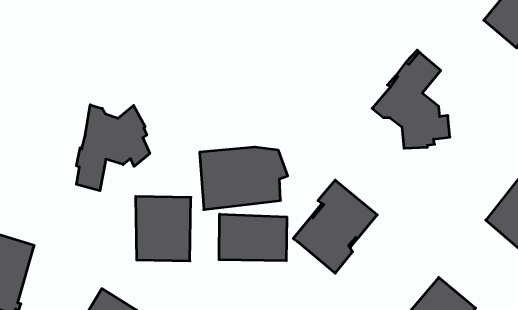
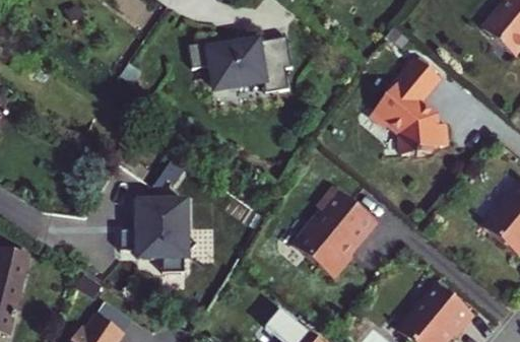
building: [76,105,150,191] -> none
building: [200,147,288,210] -> [207,39,295,100]
building: [219,214,287,261] -> none

